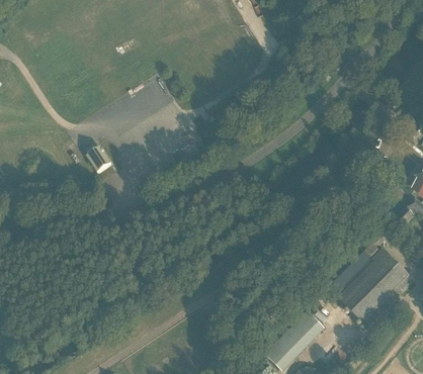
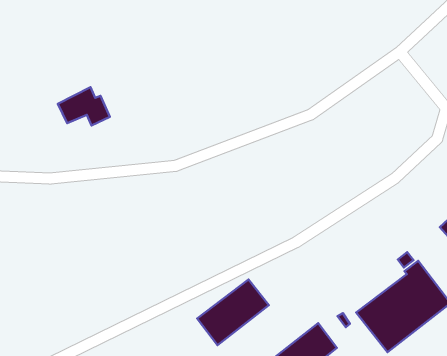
building: none -> [197,280,269,345]

